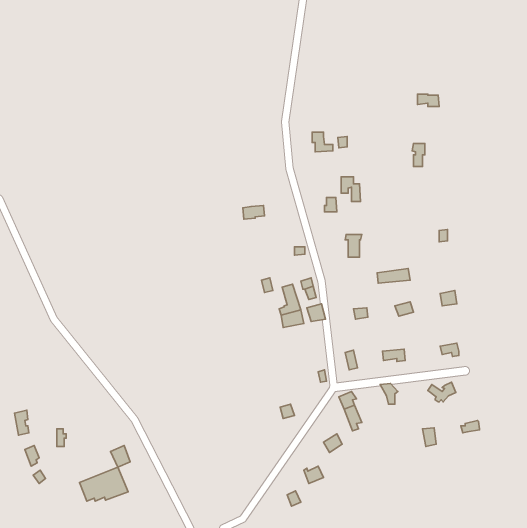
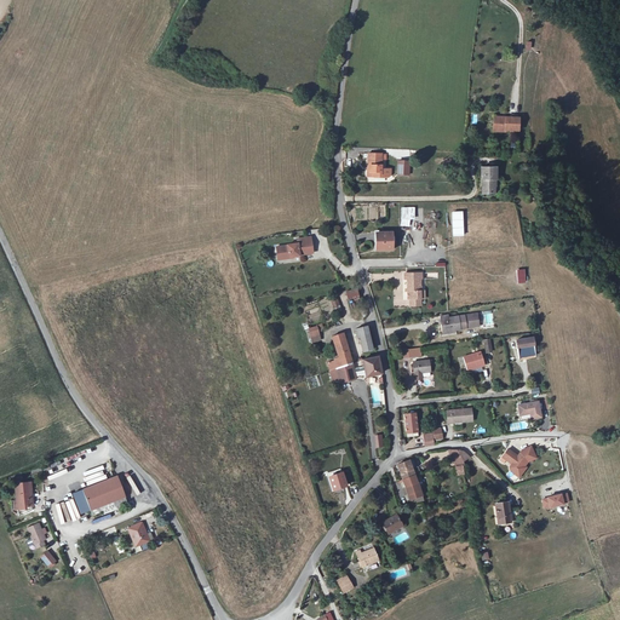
building: [80,467,128,501] -> [74,475,131,515]

